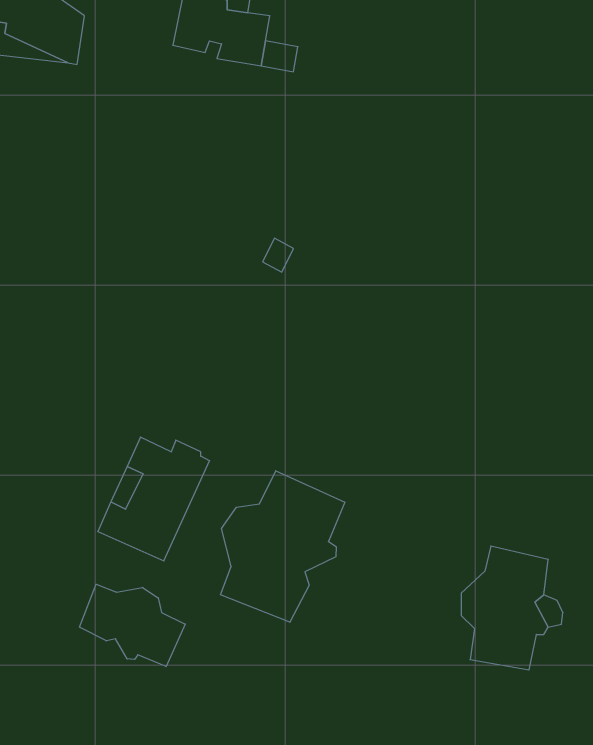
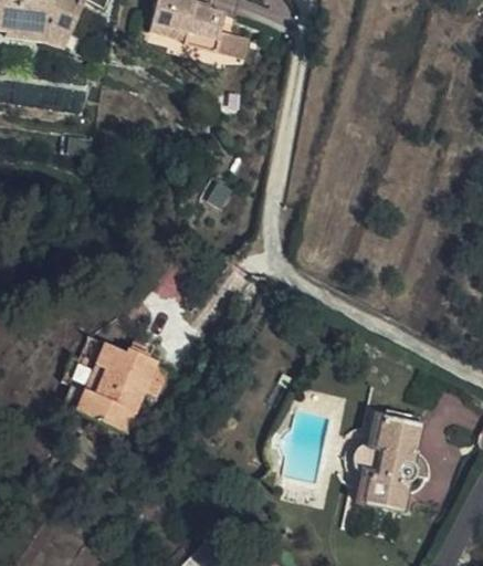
building: [221,471,345,622] -> none
building: [80,584,185,667] -> none

